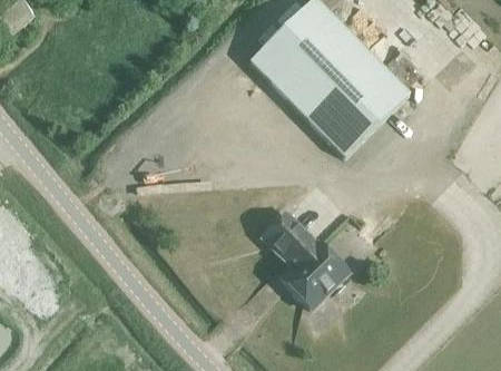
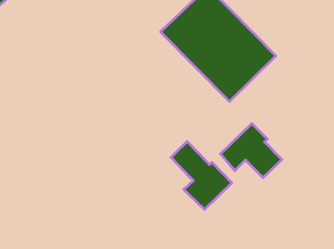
building: none -> [220,123,282,178]

